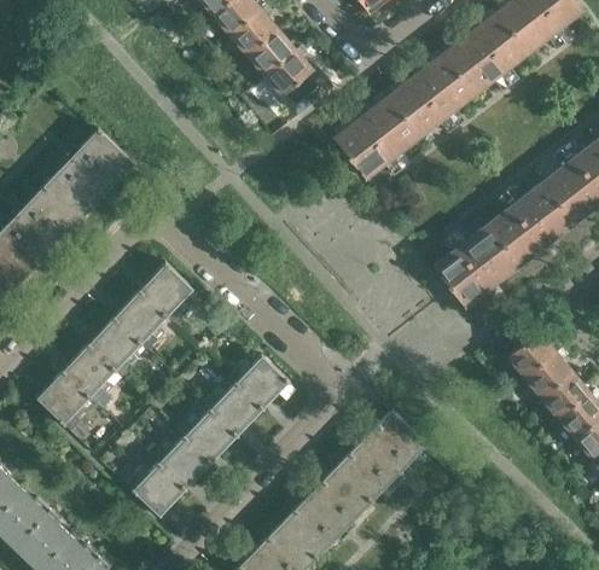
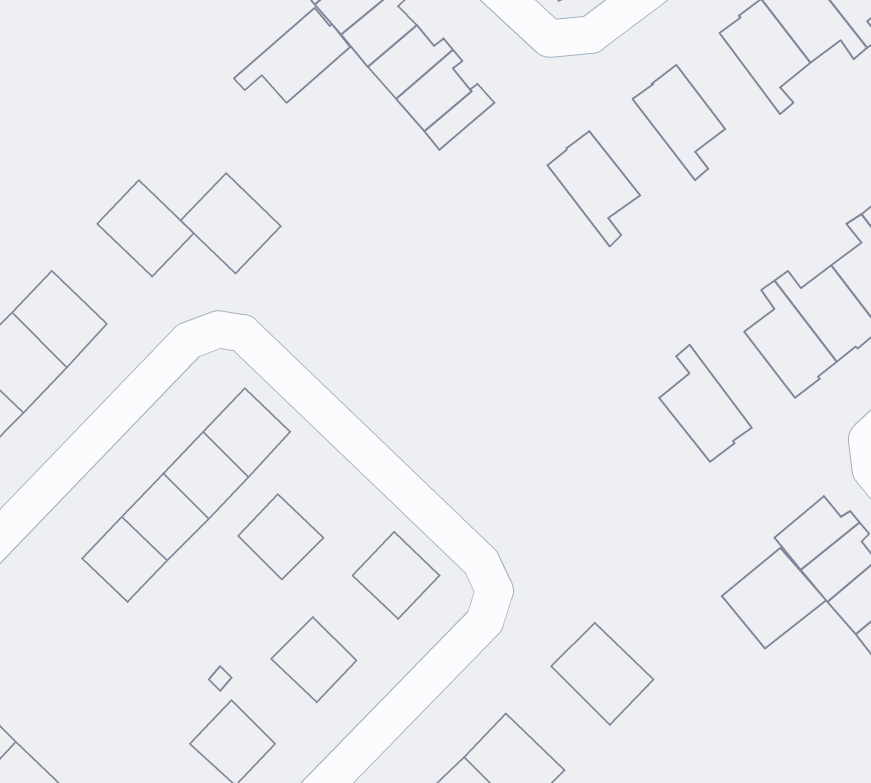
building: none -> [234,8,350,103]
building: [442,34,508,95] -> none
building: [386,76,454,138] -> none
building: [332,118,400,180] -> none
building: [43,156,107,220] -> [181,173,281,273]
building: [450,225,518,286] -> none
building: none -> [722,548,826,649]
building: [36,370,92,436] -> none
building: [210,380,264,435] -> [238,494,323,579]
building: [158,434,213,488] -> none
building: [333,438,400,505] -> none

